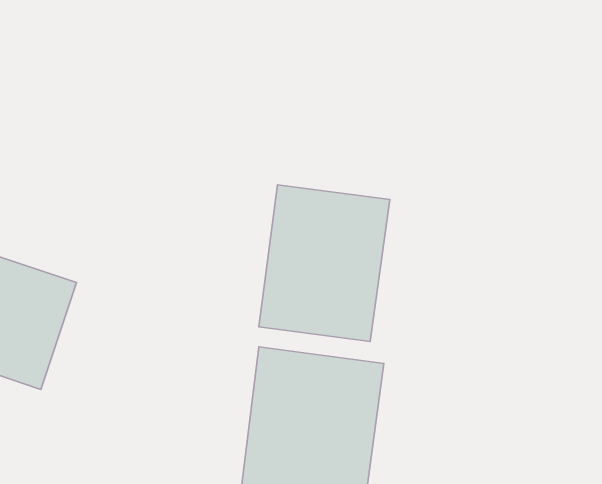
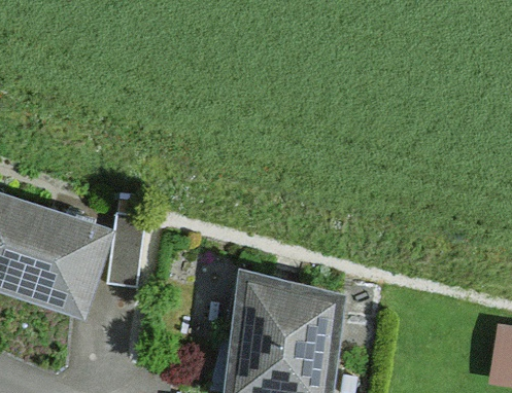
building: [259,185,390,341] -> none

